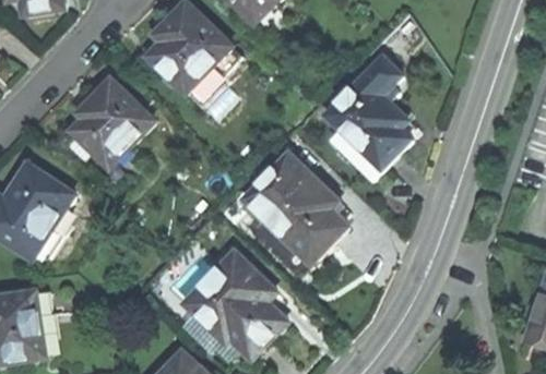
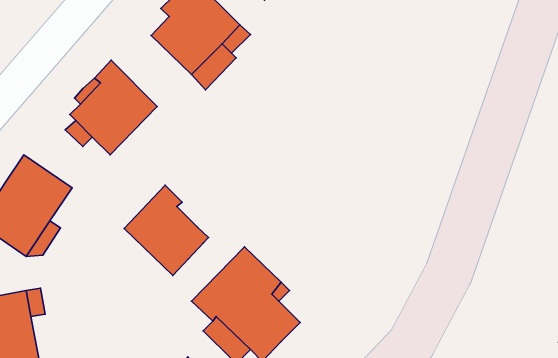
building: [328,59,410,167] -> none
building: [244,154,346,263] -> none
building: none -> [124,185,208,276]

